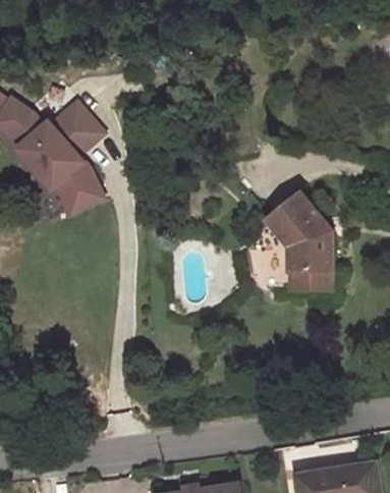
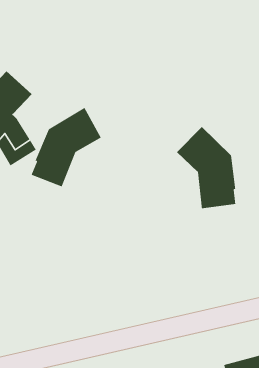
building: none -> [31,107,102,187]

